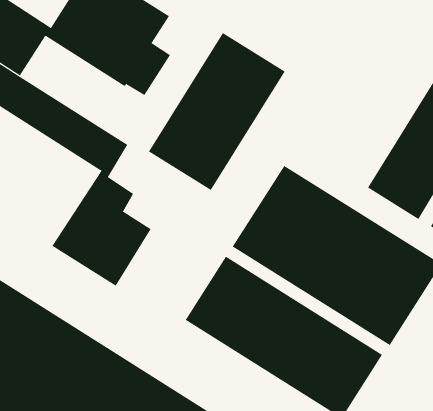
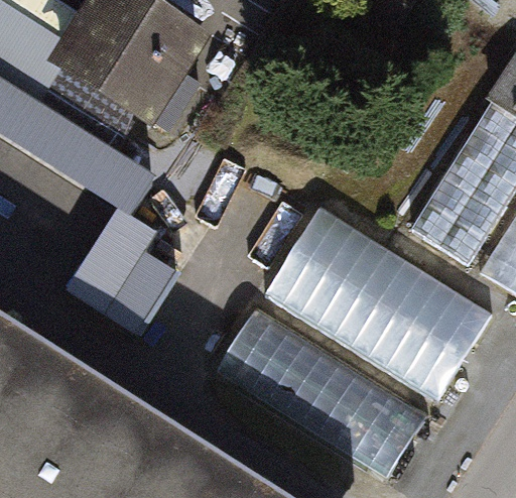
building: [148,32,286,191] -> none

